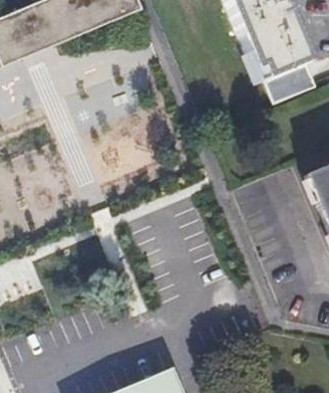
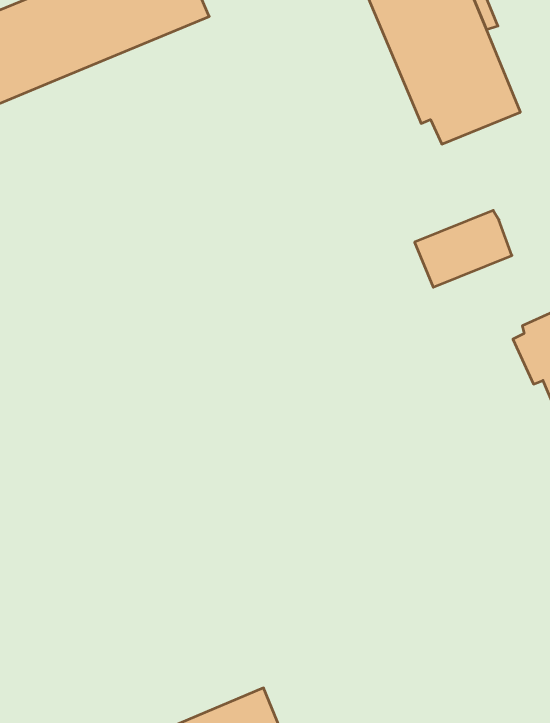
building: [265,61,317,103] -> [415,210,512,287]

